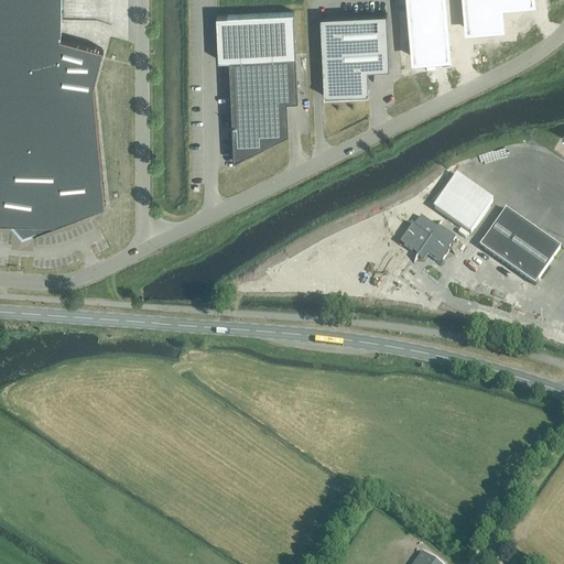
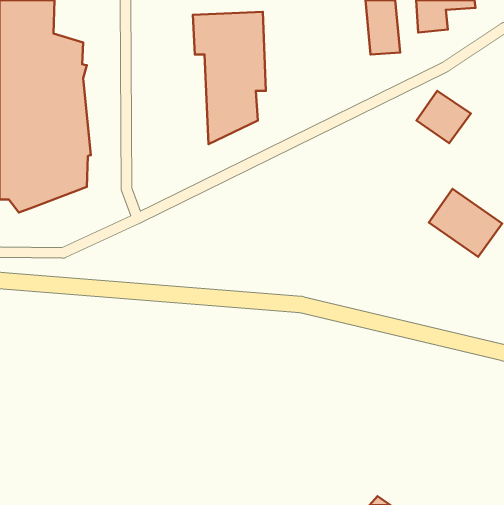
building: [318,14,389,96] -> none
building: [432,176,492,235] -> [416,91,471,143]
building: [399,218,454,264] -> none

